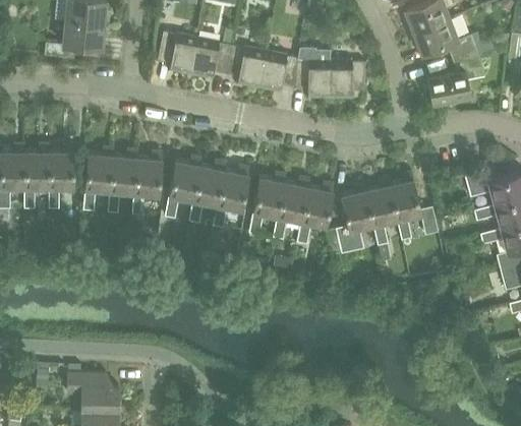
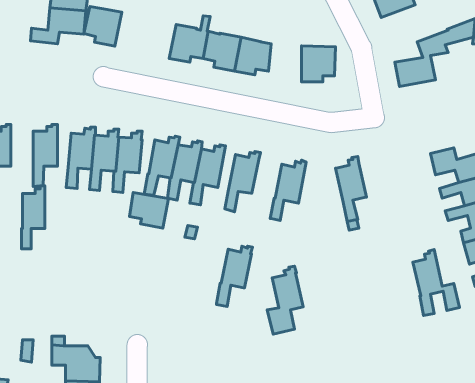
building: [413,18,483,57] -> none
building: [159,33,198,74] -> [84,6,122,46]
building: [295,59,330,99] -> none
building: [24,142,49,208] -> [22,186,45,249]
building: [390,171,439,240] -> [413,249,460,315]
building: [273,177,310,240] -> [216,246,252,306]
building: [336,182,373,253] -> [267,266,303,334]
building: none -> [129,192,169,228]

